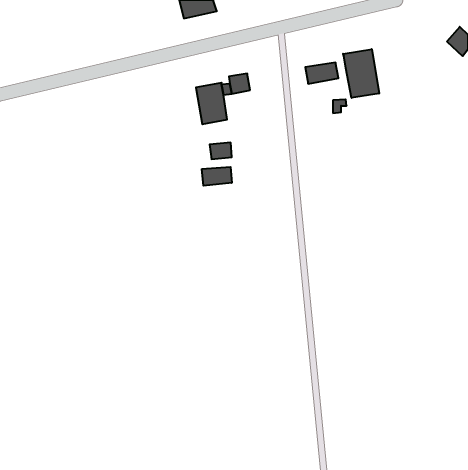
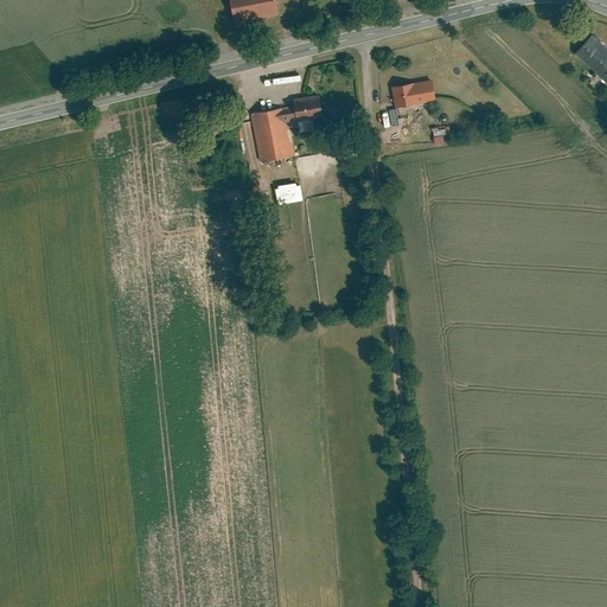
building: [343,49,379,98] -> none
building: [202,167,232,186] -> none

